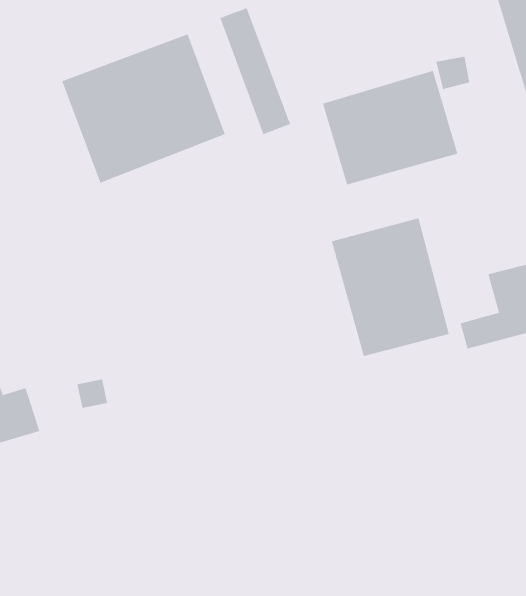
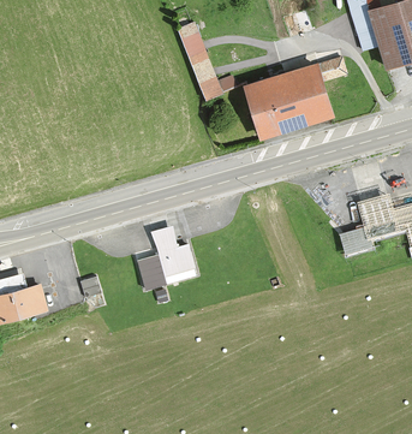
building: [62,34,226,184] -> none
building: [331,217,449,357] -> none
building: none -> [135,225,196,289]

